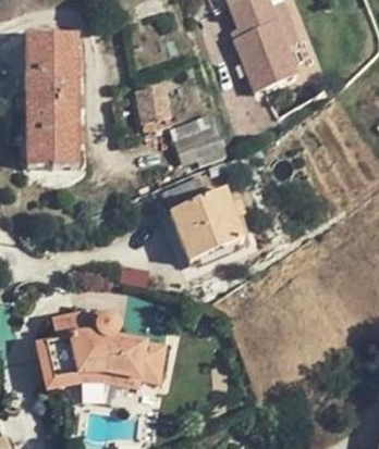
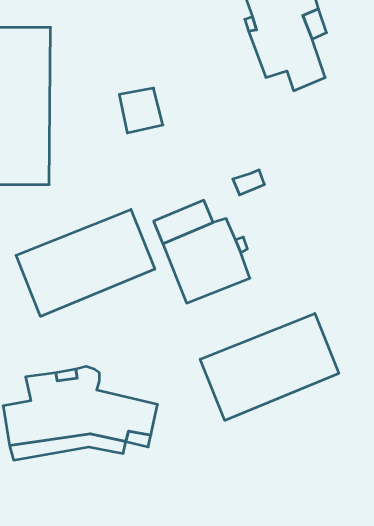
building: [173,113,224,172] -> none
building: none -> [16,209,155,316]
building: none -> [200,313,339,420]

